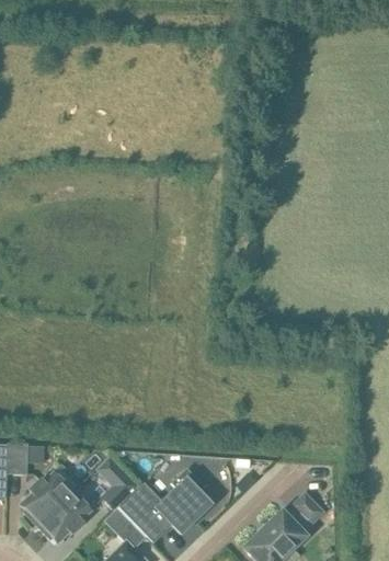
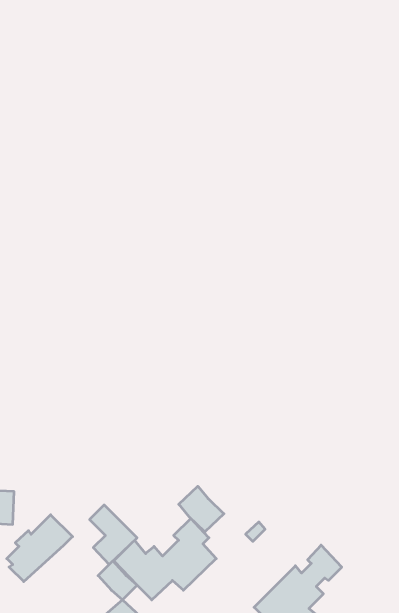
building: none -> [179,486,224,532]
building: [37,492,91,541] -> none

